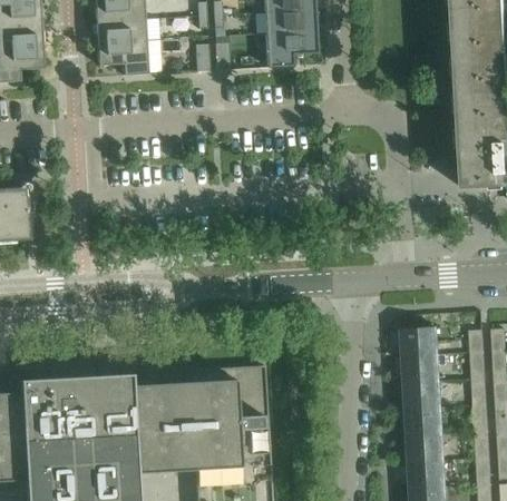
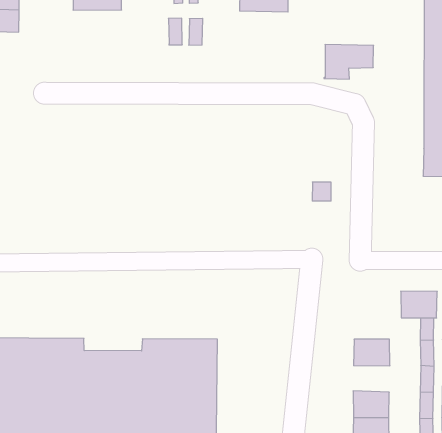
building: [265,31,315,68] -> [324,45,374,79]
building: [97,40,148,76] -> none
building: [400,328,438,357] -> [401,291,437,318]
building: [403,382,441,410] -> none

